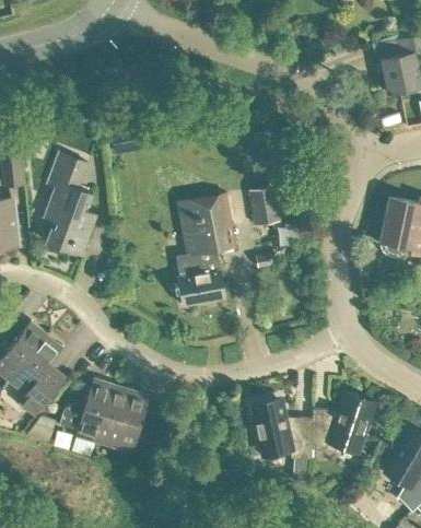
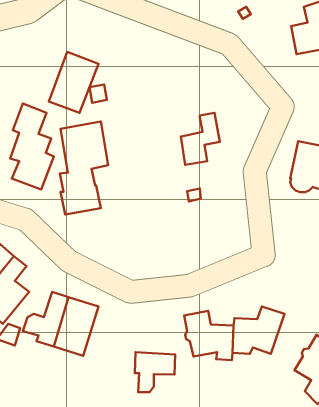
building: none -> [49,52,99,113]
building: [176,193,234,305] -> [60,121,108,215]
building: none -> [135,352,175,392]

